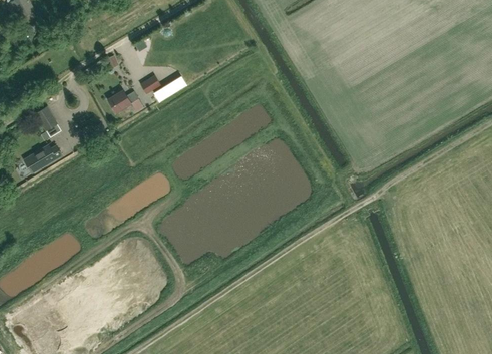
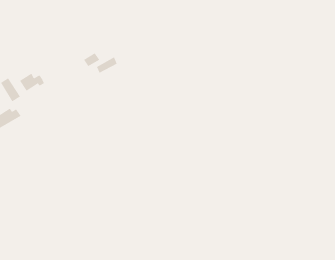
building: [106,90,138,113] -> [19,73,45,91]

